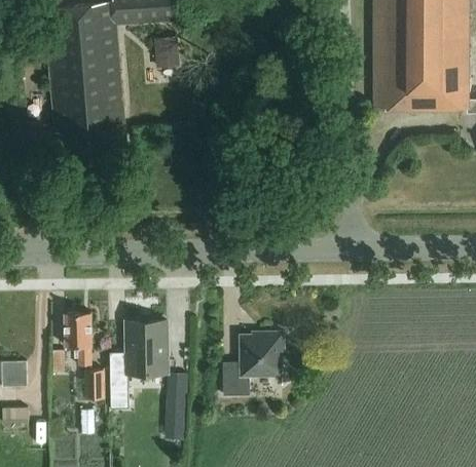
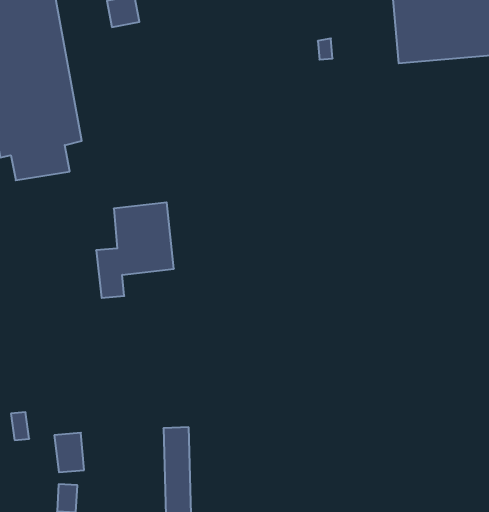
building: [64,312,91,365] -> none
building: [109,320,168,389] -> [96,202,174,298]
building: [222,330,284,394] -> none

